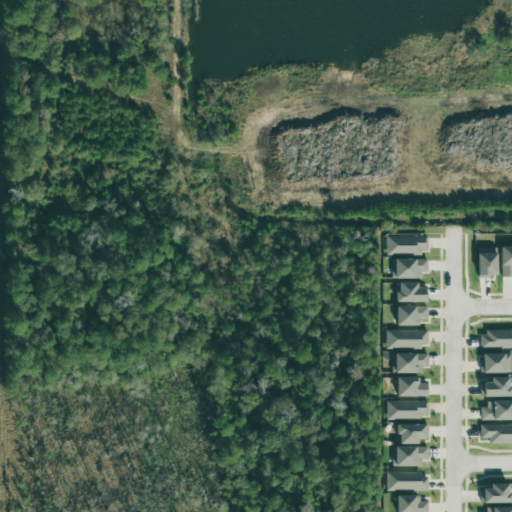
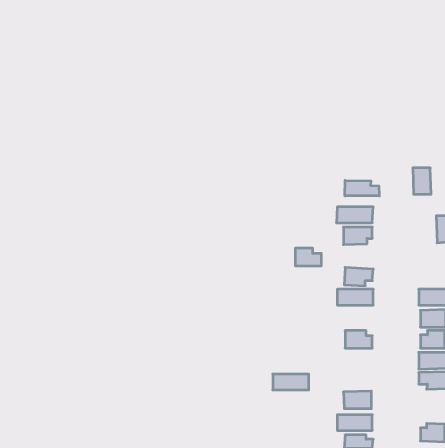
building: none -> [345,180,379,196]
building: [477,247,498,277] -> [413,168,431,194]
building: [398,282,428,302] -> [295,248,321,266]
building: [395,353,429,372] -> none
building: [388,401,429,419] -> [273,374,309,390]
building: [398,425,429,444] -> none

